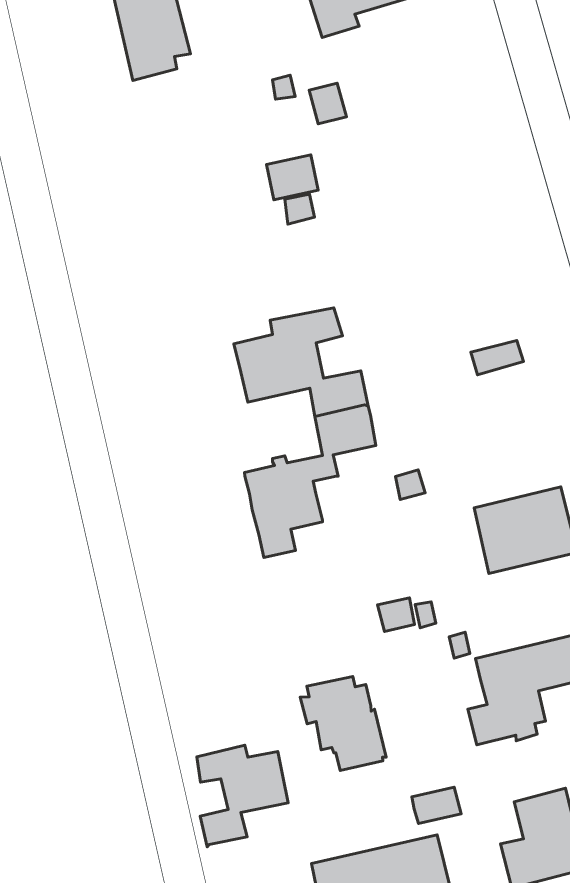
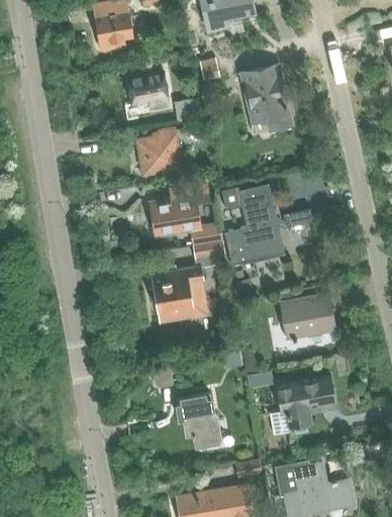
building: none -> [240,65,291,130]
building: none -> [126,71,170,109]
building: none -> [137,126,183,175]
building: none -> [221,183,285,267]
building: [197,745,288,847] -> none

